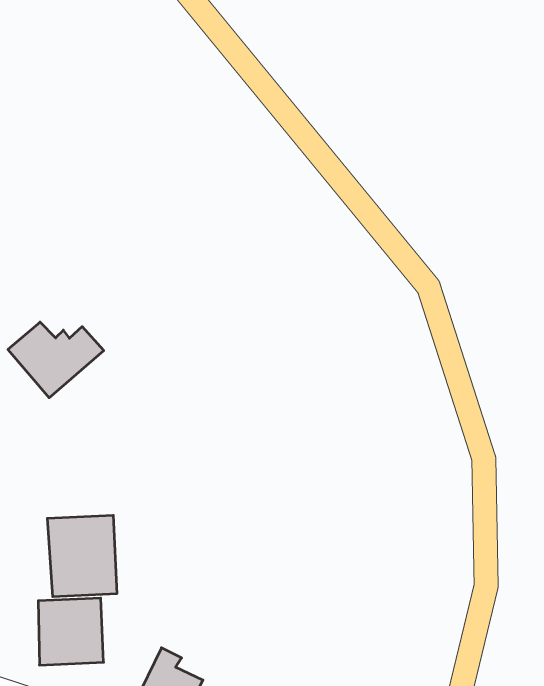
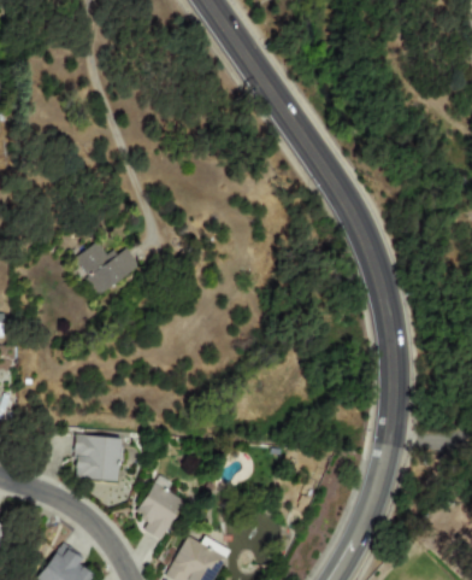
building: [47,515,117,597] -> none

